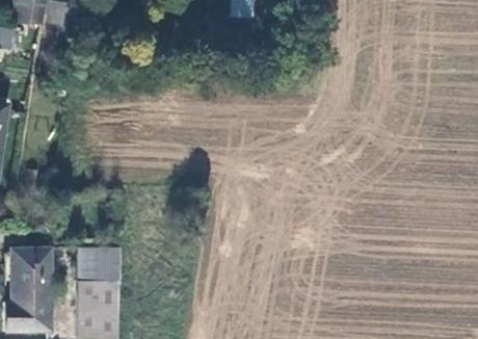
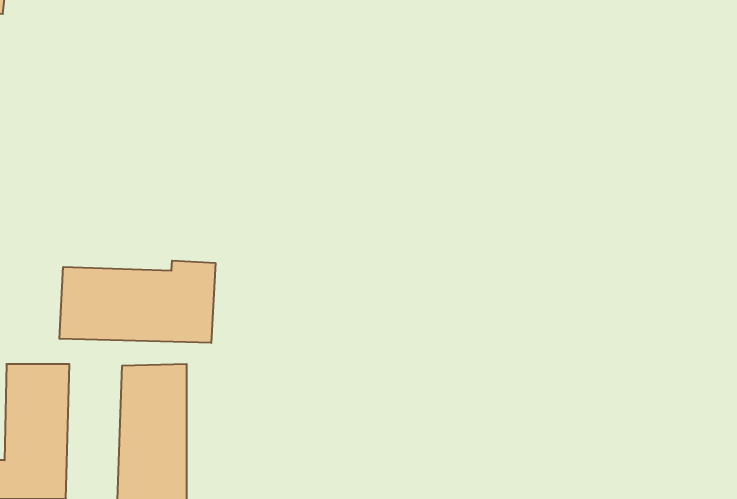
building: none -> [60,261,215,343]

